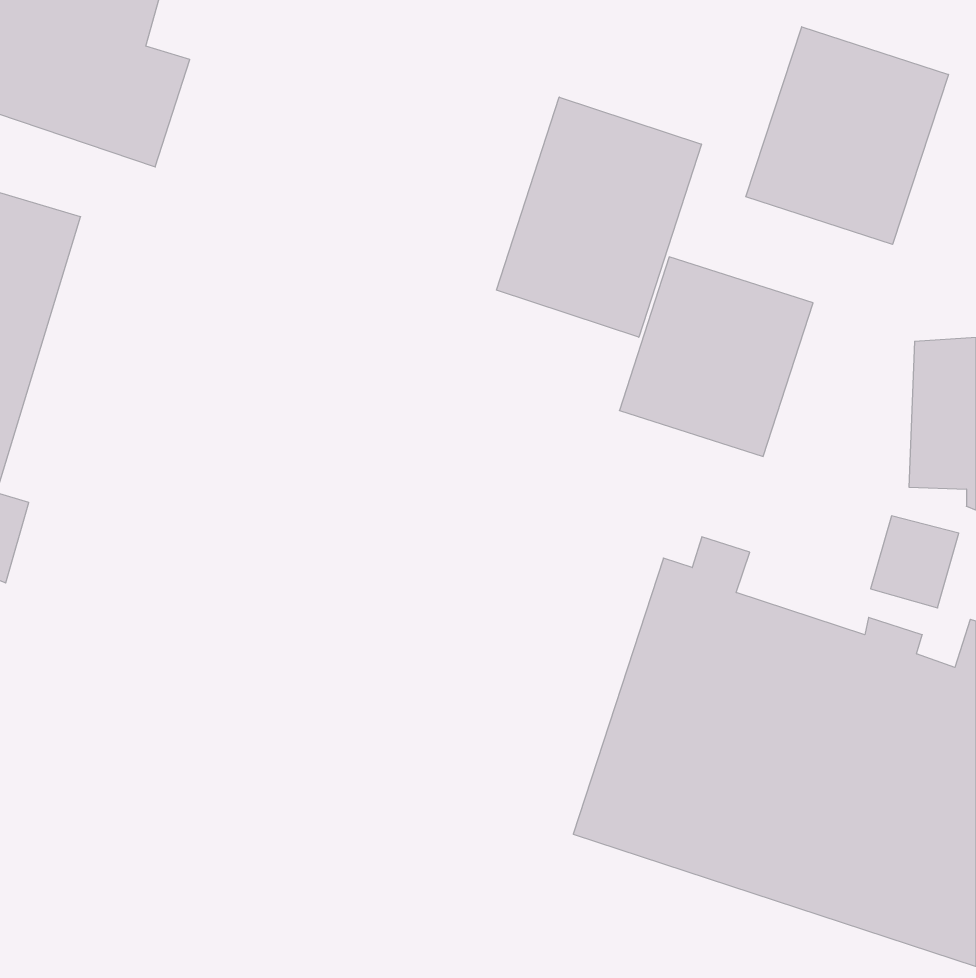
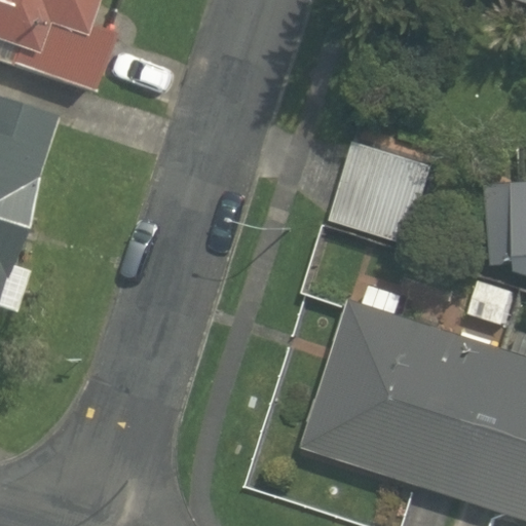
building: [746,27,948,244] -> none
building: [497,97,701,337] -> none

